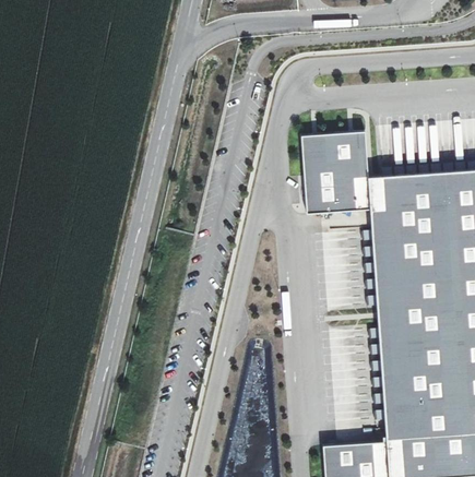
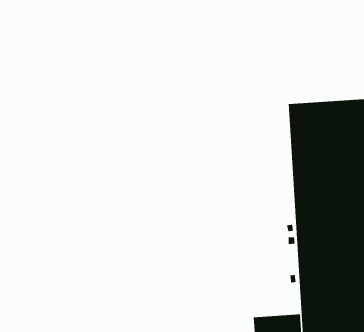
building: [301,133,372,214] -> none

